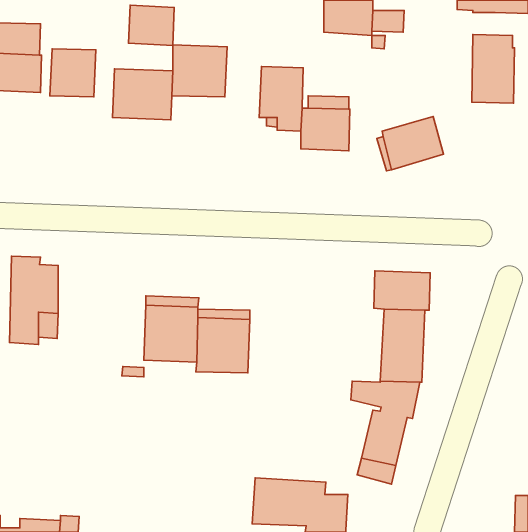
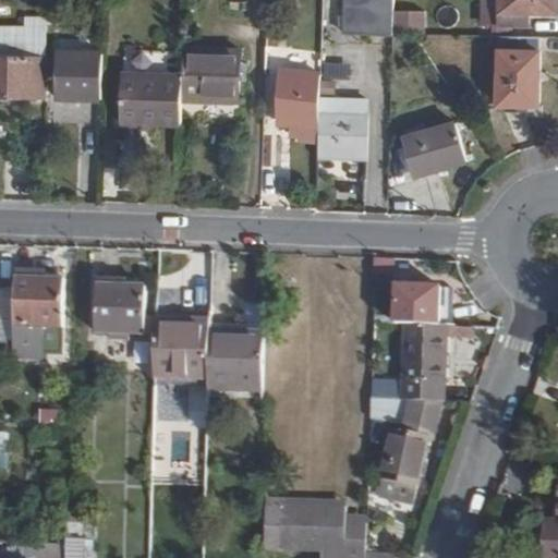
building: [129,5,174,45] -> none
building: none -> [93,277,144,342]

